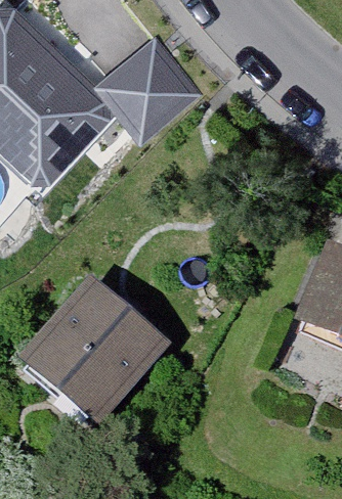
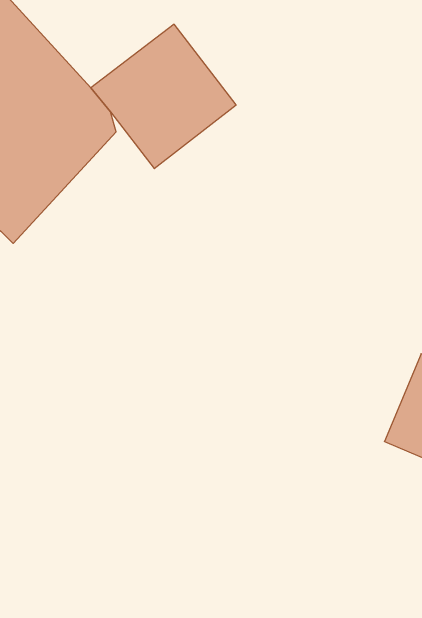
building: [42,308,156,421] -> none

